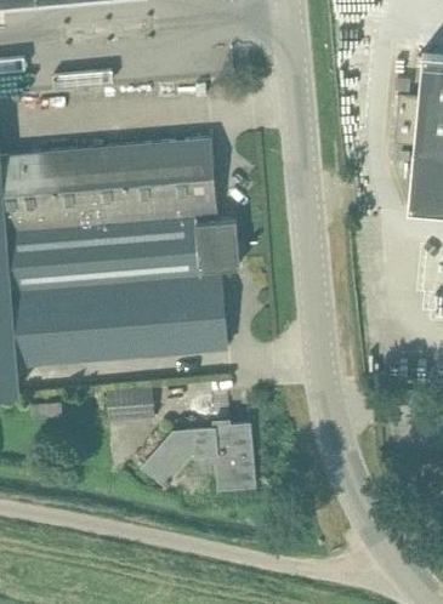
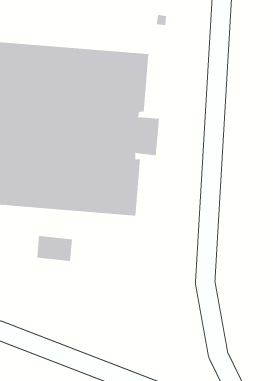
building: [143,424,255,491] -> none

